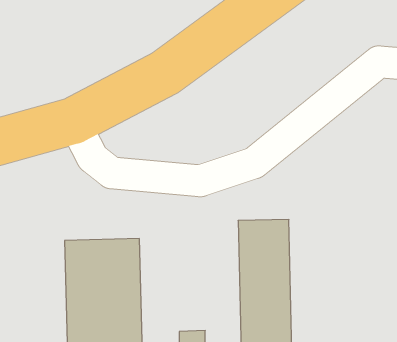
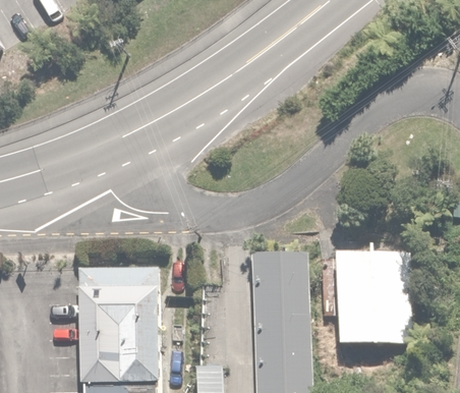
building: none -> [339,251,389,346]

